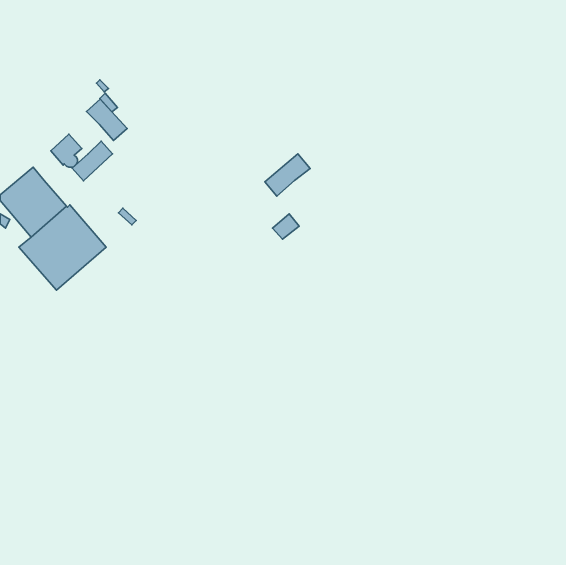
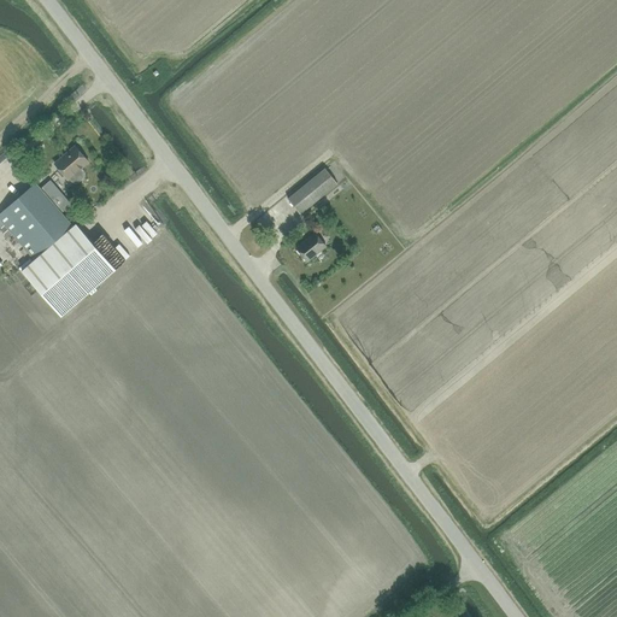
building: [87,99,127,141] -> none
building: [72,141,113,181] -> none

